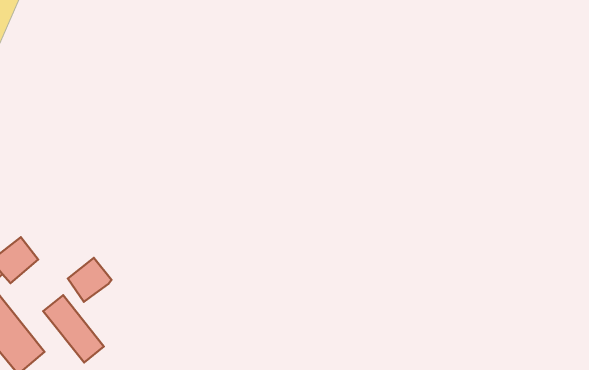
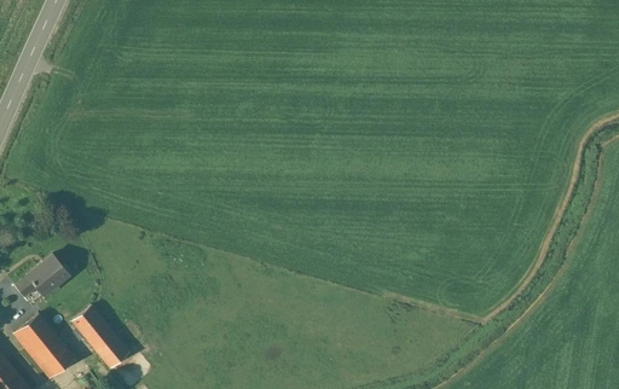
building: [68,258,111,302] -> none

